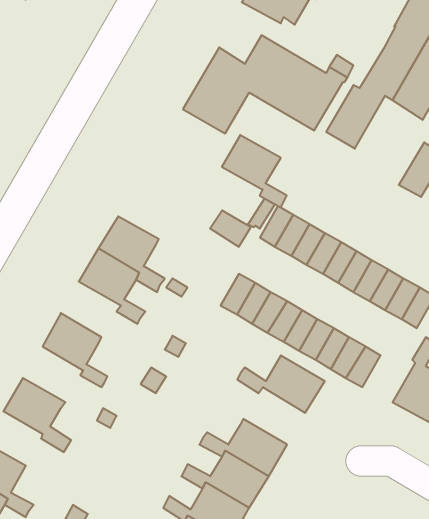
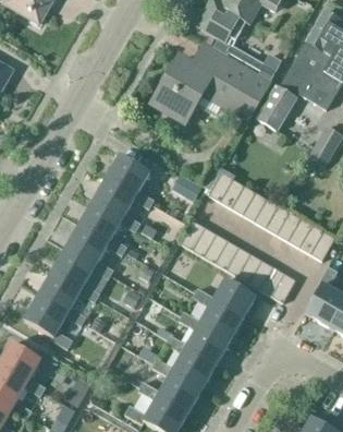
building: [222,135,287,208] -> [106,156,152,208]
building: none -> [64,226,112,279]
building: none -> [37,273,85,326]
building: none -> [179,302,241,344]

